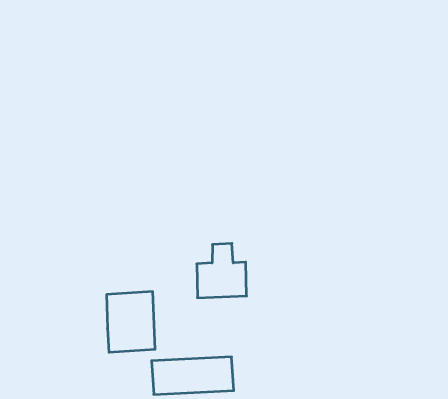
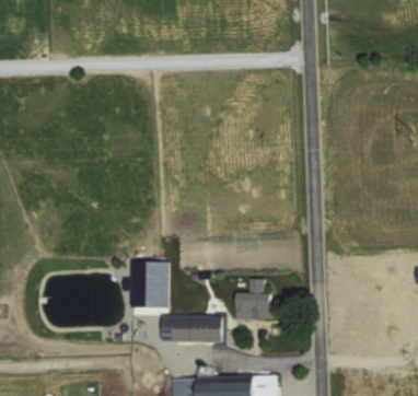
building: [197,243,247,298] -> [234,278,274,319]

